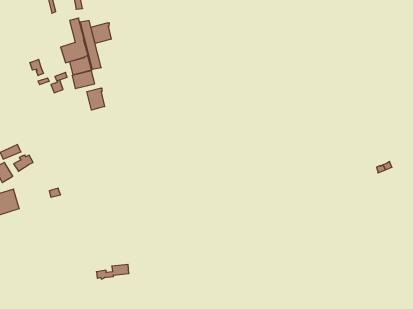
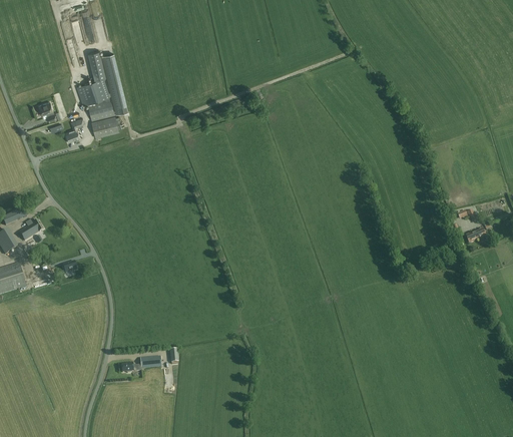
building: [91,23,111,44] -> none
building: [87,88,105,110] -> none

